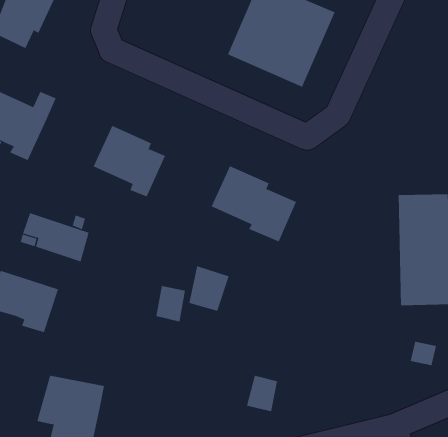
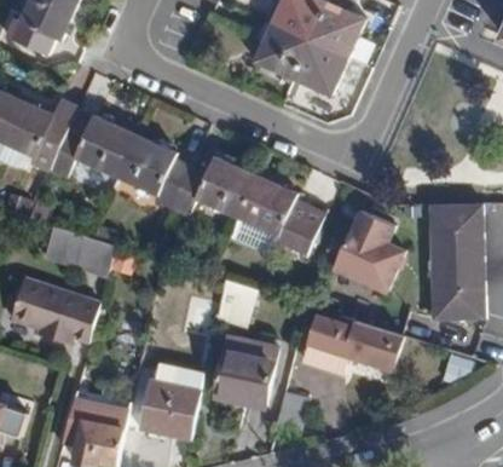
building: none -> [50,115,135,178]
building: none -> [172,156,256,218]
building: none -> [333,211,404,292]
building: none -> [300,316,400,371]
building: none -> [210,334,274,403]
building: none -> [137,377,198,439]

